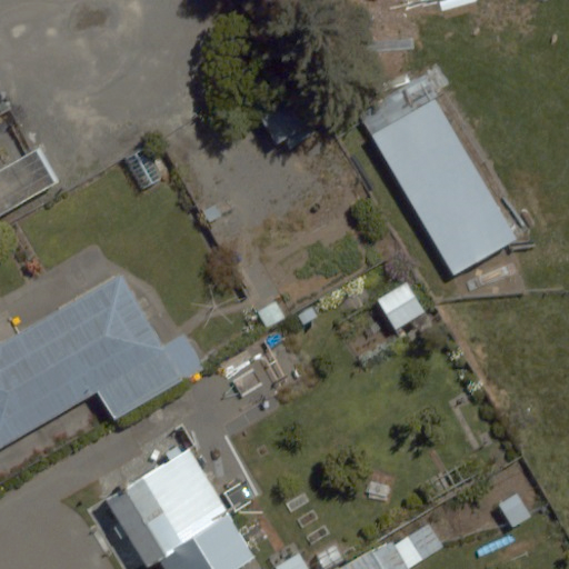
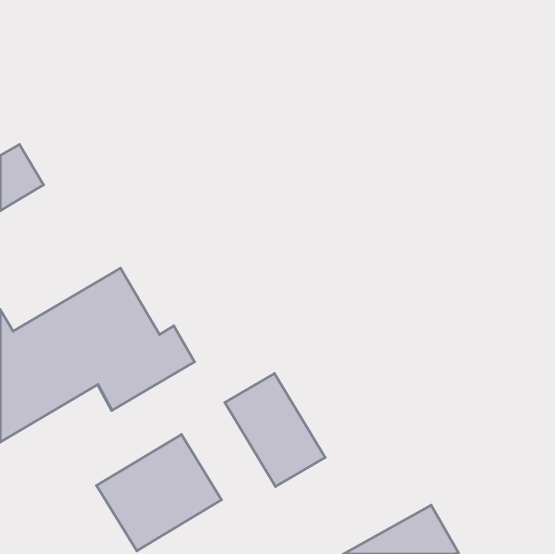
building: [347,69,512,273] -> none
building: none -> [225,373,325,487]

